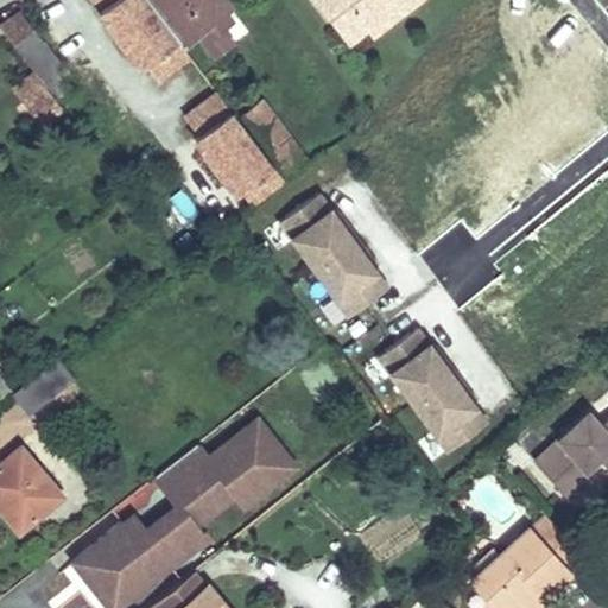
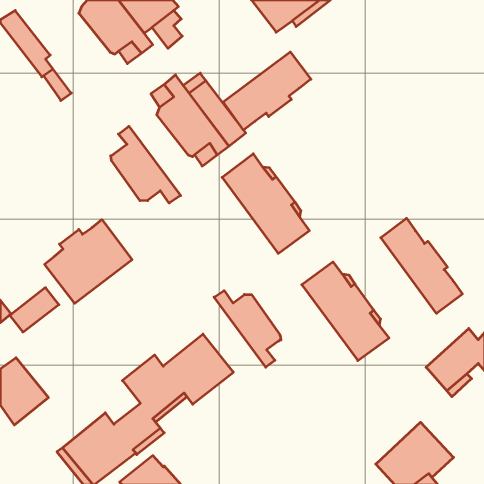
building: none -> [223,52,311,130]
building: none -> [111,126,181,203]
building: none -> [381,218,462,313]
building: none -> [45,220,132,303]
building: none -> [214,291,281,367]

